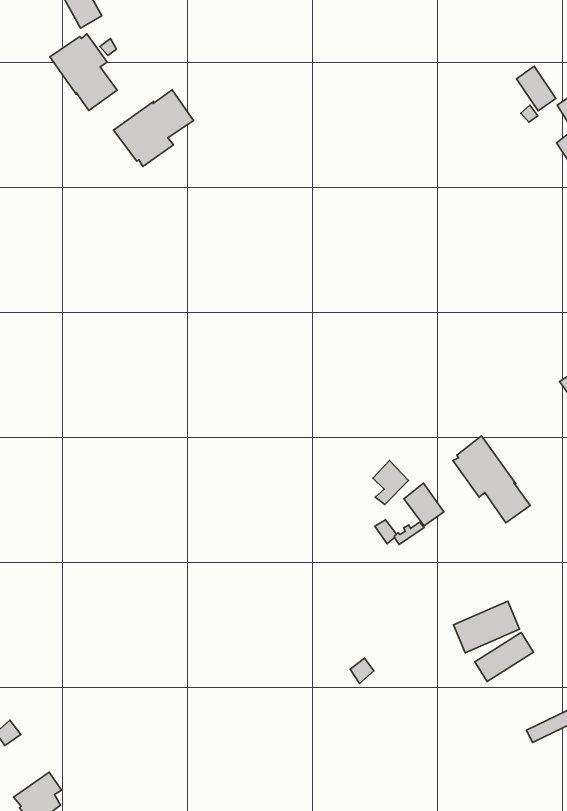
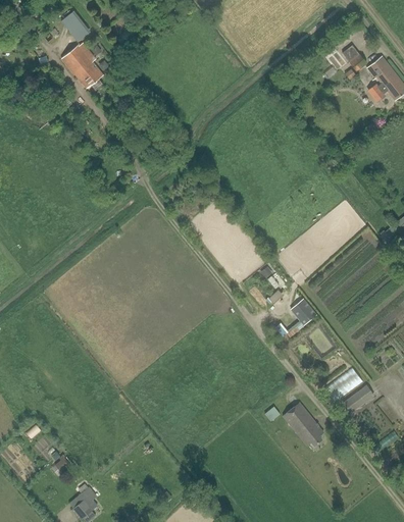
building: [114,90,194,166] -> none
building: [453,436,530,523] -> none
building: none -> [282,403,322,446]

